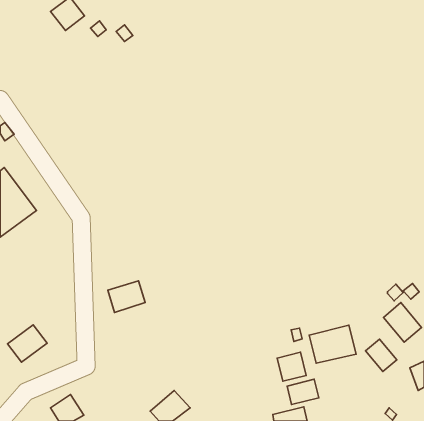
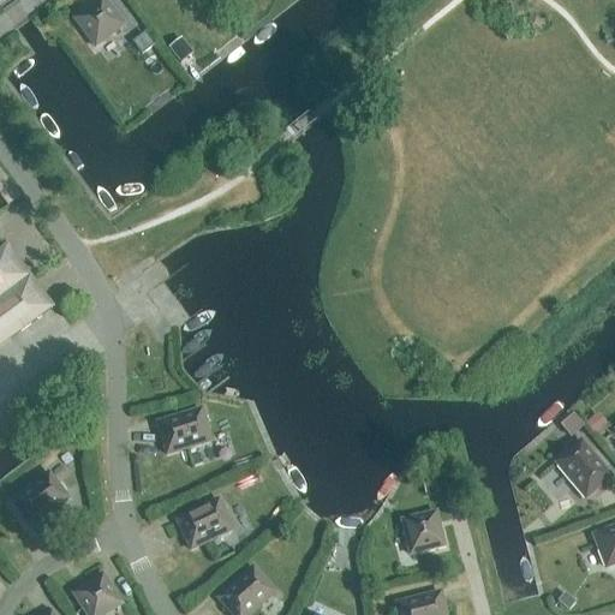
building: [309,325,356,363] -> none
building: [365,339,397,372] -> none
building: none -> [175,497,233,548]
building: [287,379,319,405] -> none

